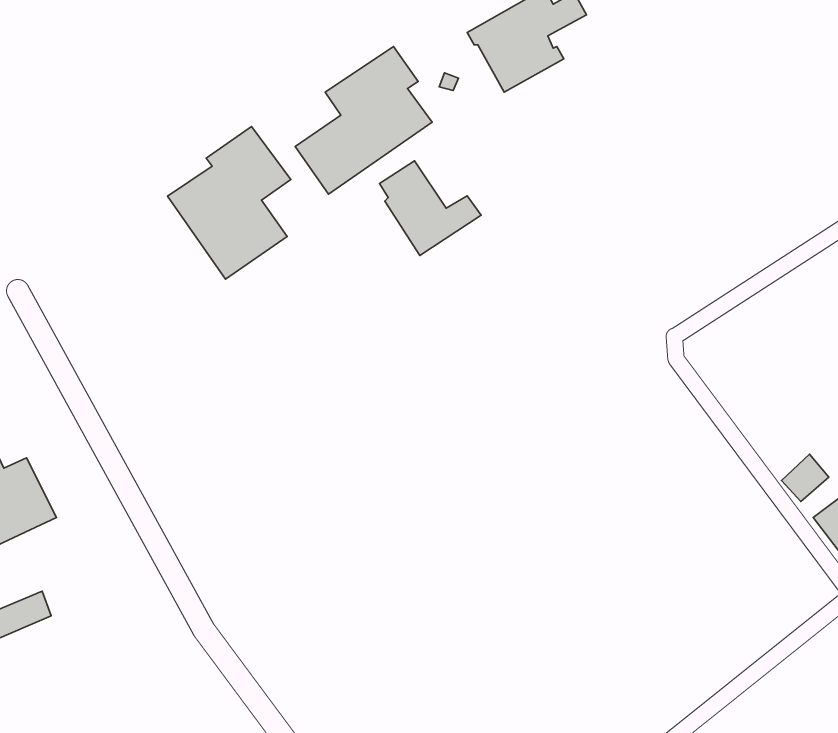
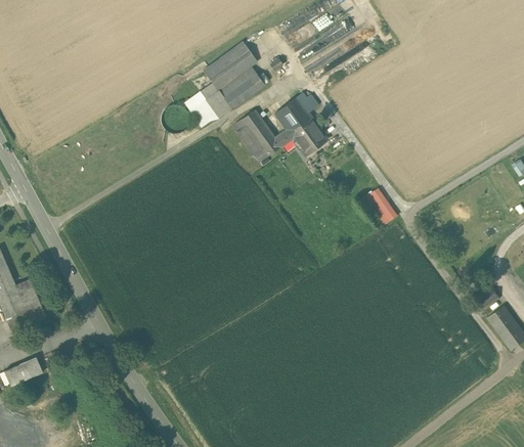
building: [168,126,291,279] -> none
building: none -> [273,92,329,158]
building: none -> [363,187,397,225]

